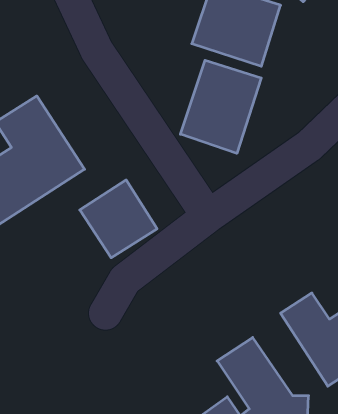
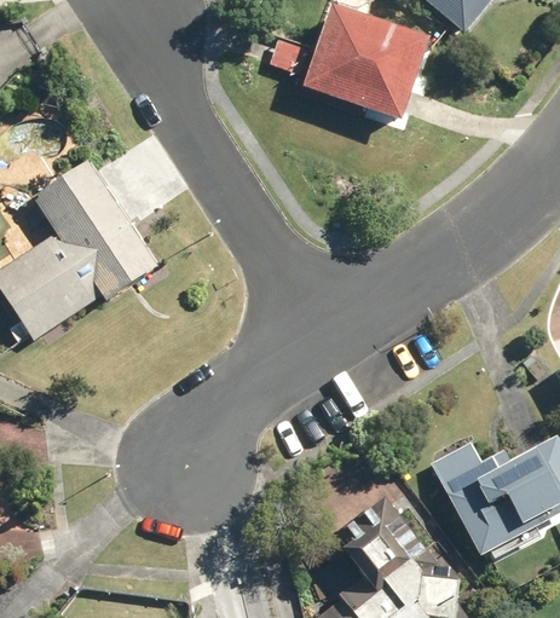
building: [180,60,261,153] -> none
building: [80,180,157,258] -> none

